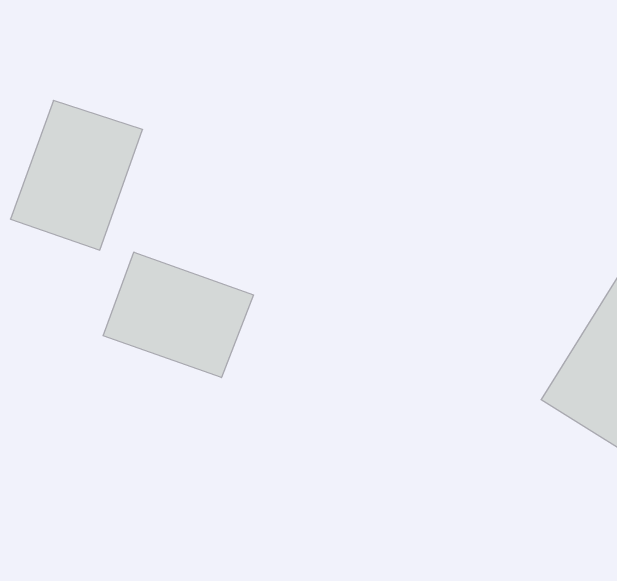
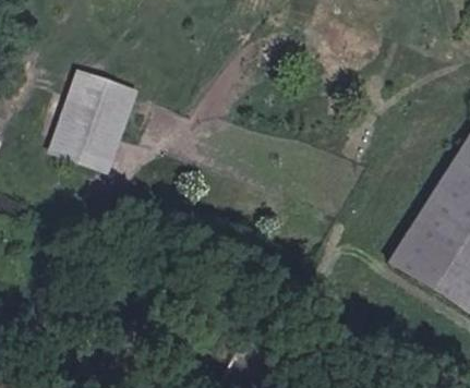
building: [103,252,254,378] -> none

